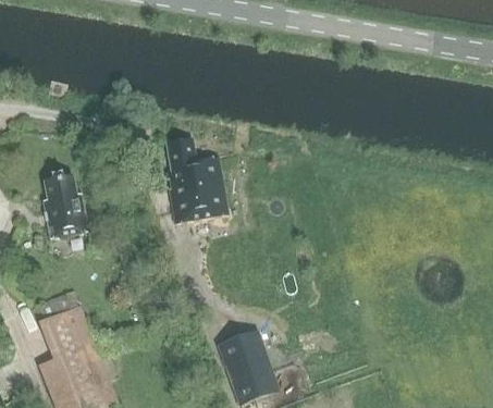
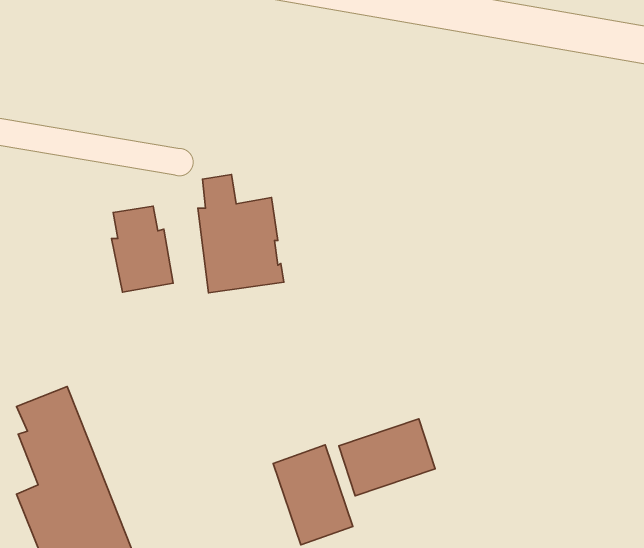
building: [44,175,87,236] -> [112,206,173,292]
building: none -> [339,419,435,496]

